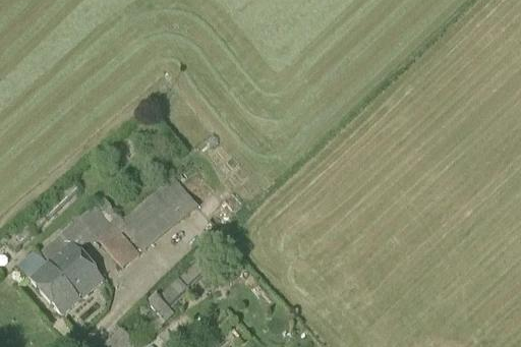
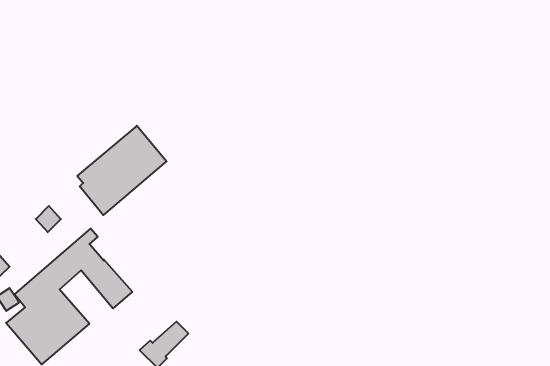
building: [121,175,197,251] -> [77,126,167,215]

